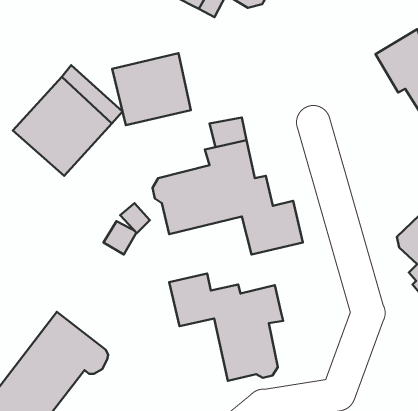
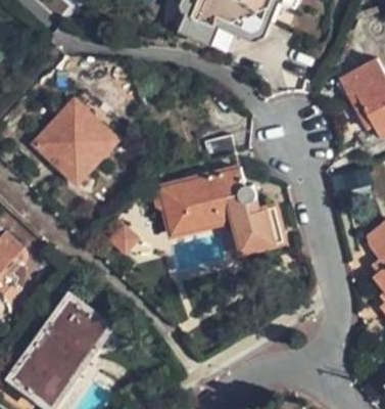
building: [112,53,191,125] -> none
building: [169,273,283,381] -> none

